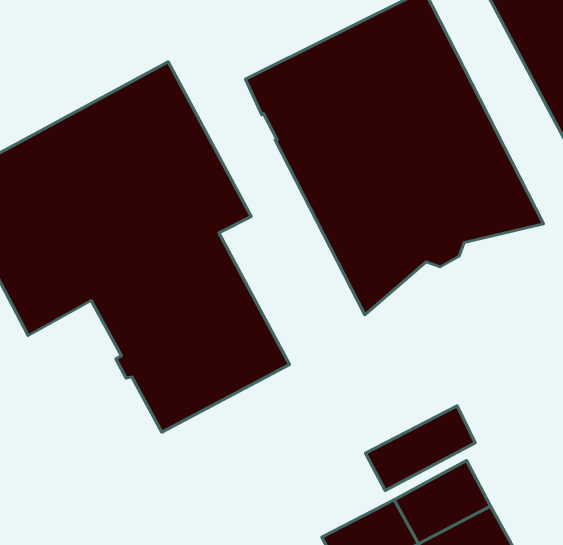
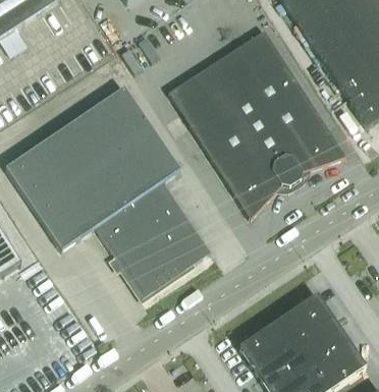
building: [366,406,475,491] -> none

